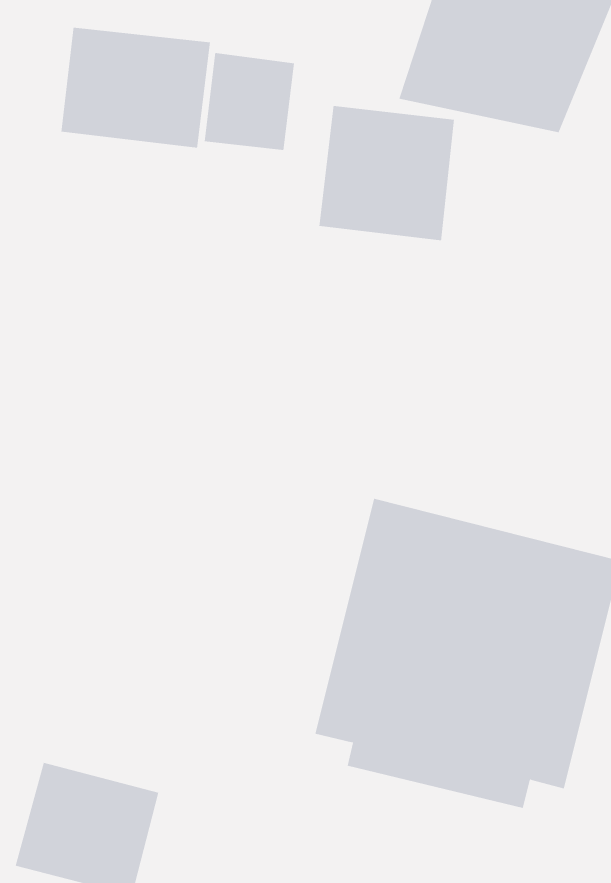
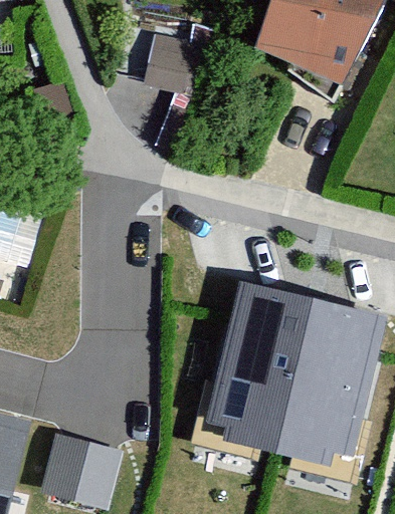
building: [61,27,210,148] -> none
building: [319,105,454,241] -> none

